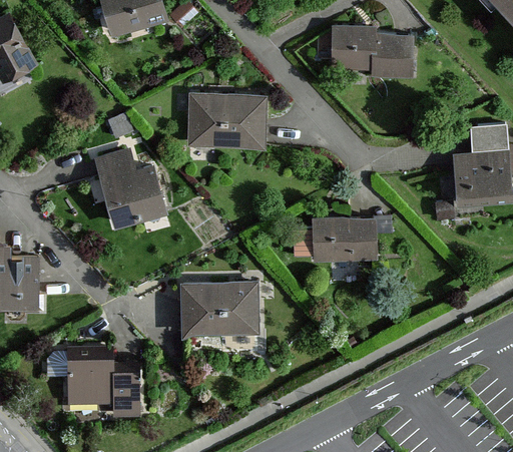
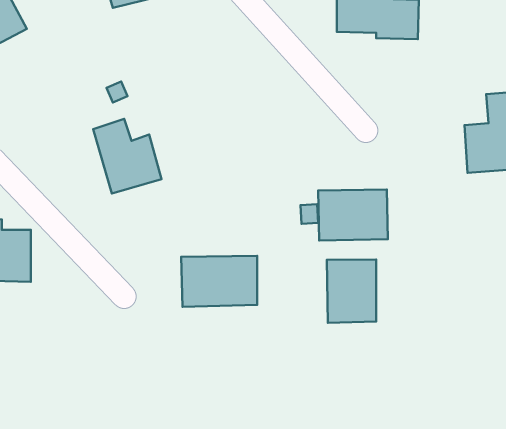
building: [190,98,272,153] -> none
building: none -> [327,259,376,323]
building: [46,347,138,403] -> none

